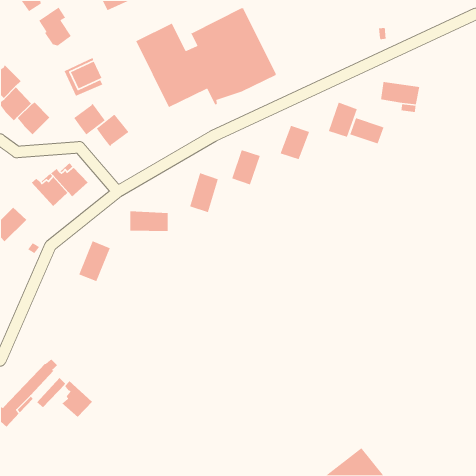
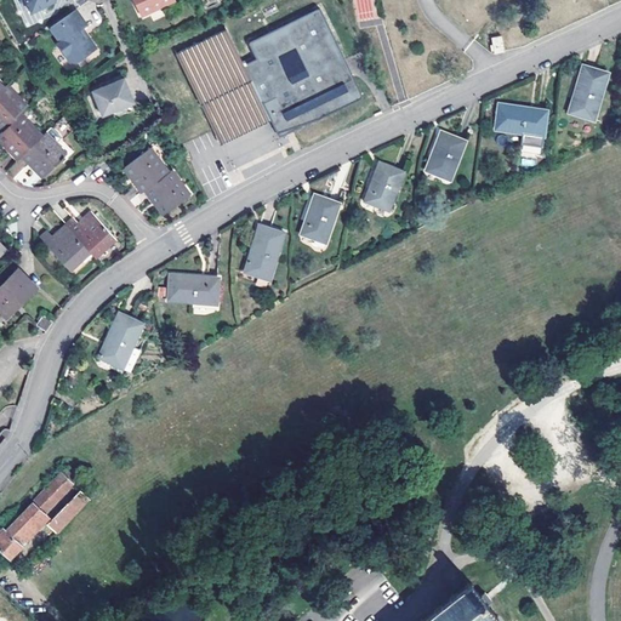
building: none -> [569,65,606,120]
building: [73,103,106,135] -> [146,170,188,212]
building: [349,117,384,145] -> none
building: [61,380,93,418] -> none

